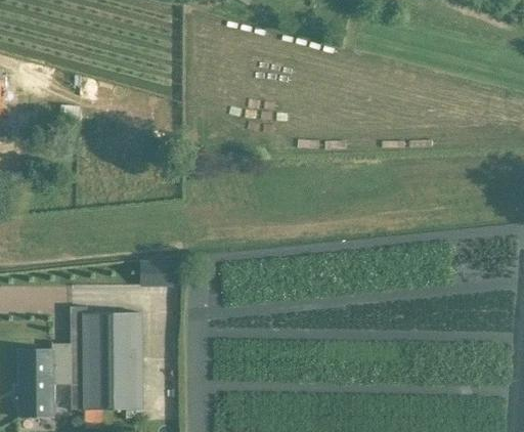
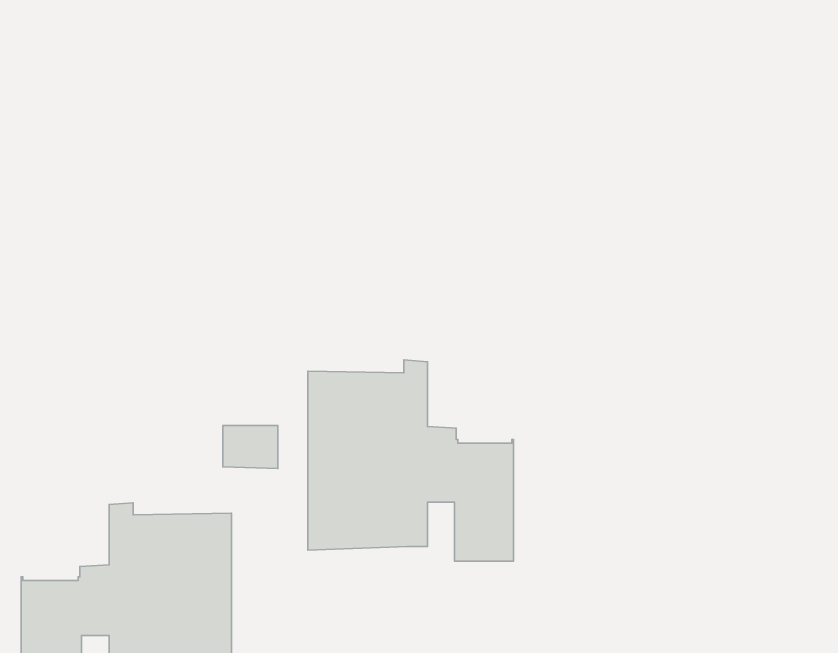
building: none -> [308,360,513,561]

